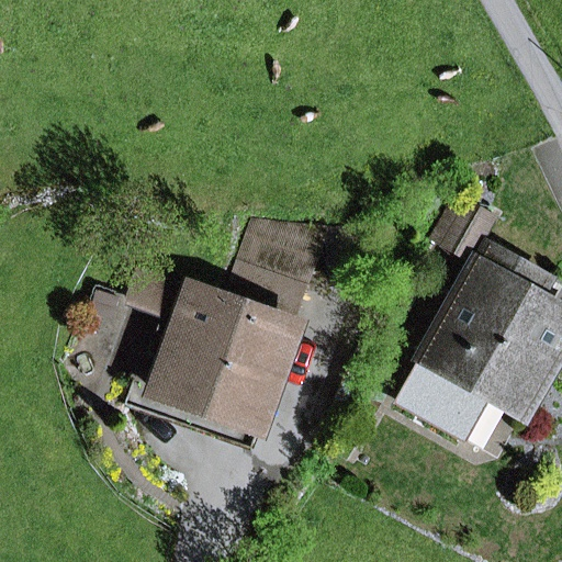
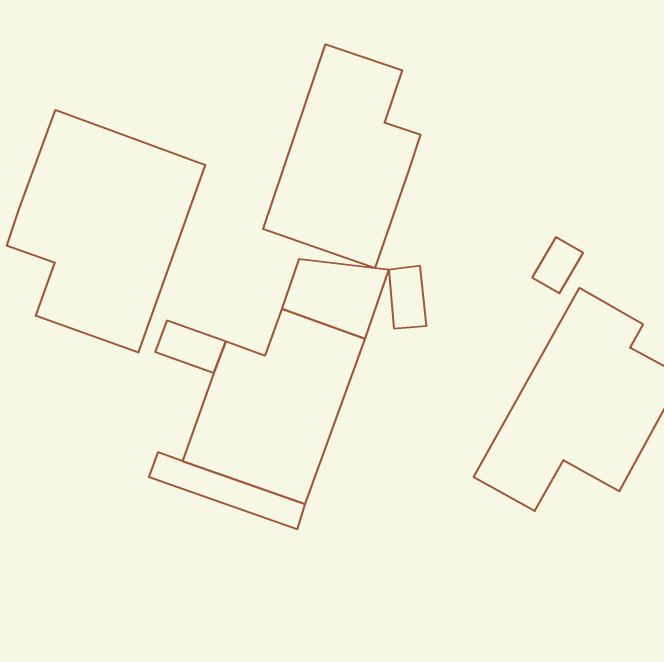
building: none -> [263,44,420,268]
building: none -> [7,110,205,353]

